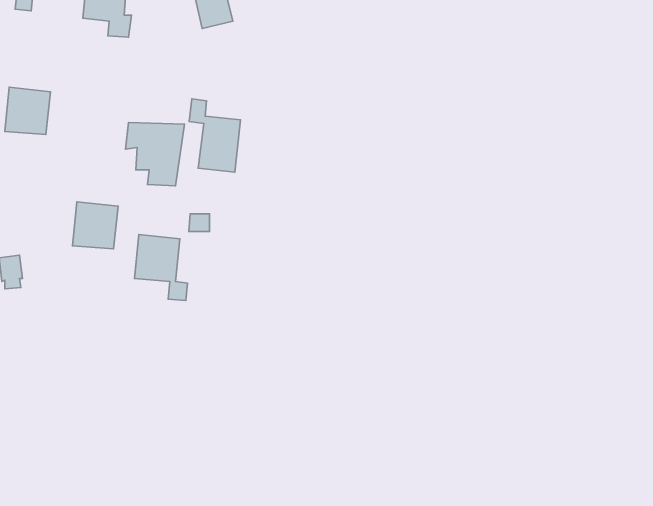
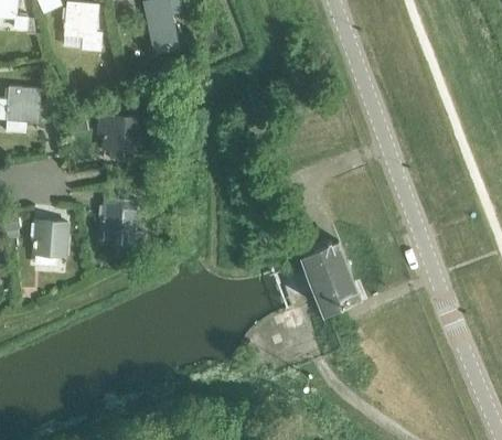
building: [189,99,241,172] -> none
building: [72,202,118,249] -> [33,222,67,257]
building: none -> [303,243,359,313]

